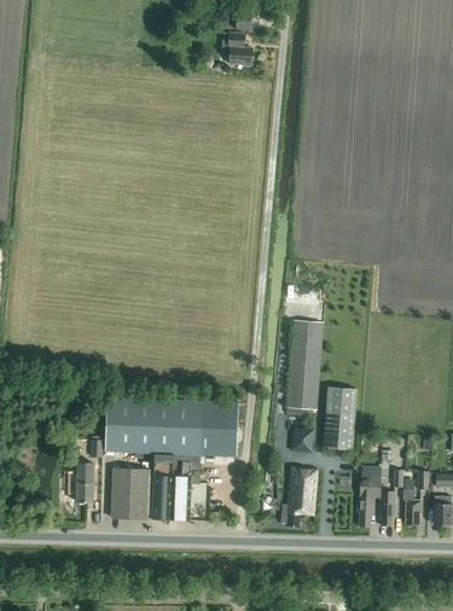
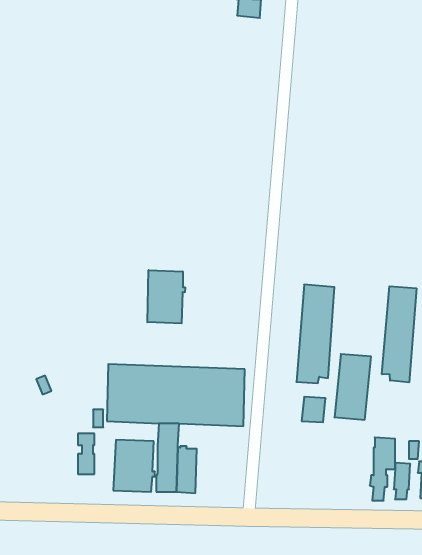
building: none -> [147,270,185,323]
building: none -> [382,286,416,382]
building: [281,467,319,526] -> none

